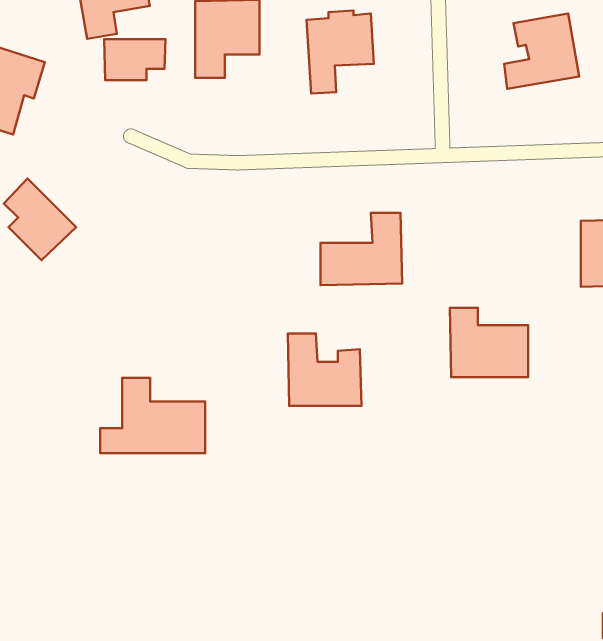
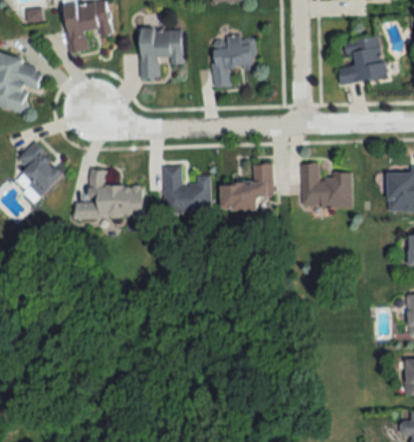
building: [104,39,165,80] -> none
building: [450,308,528,377] -> [300,163,351,207]
building: [288,334,361,406] -> [163,165,210,211]
building: [100,378,205,453] -> [74,169,142,217]

